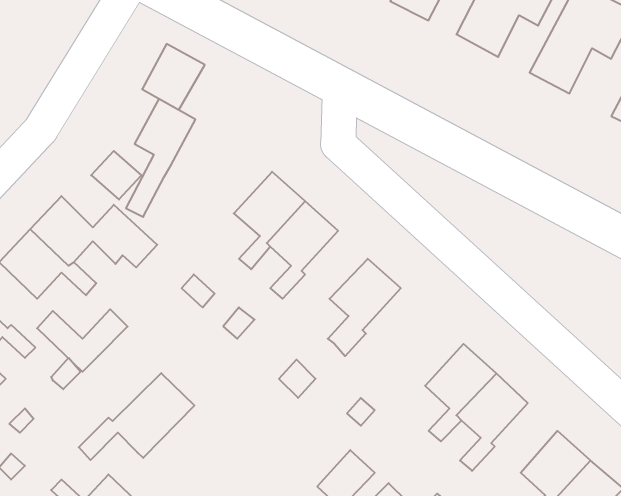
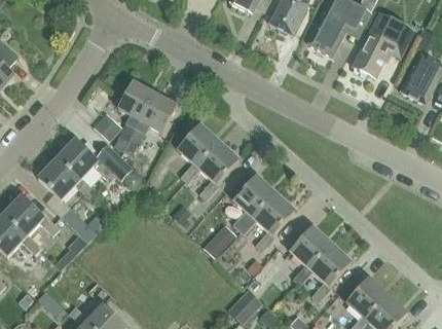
building: [142,44,205,110] -> [140,94,177,133]
building: none -> [253,193,295,251]
building: [79,373,194,460] -> none

